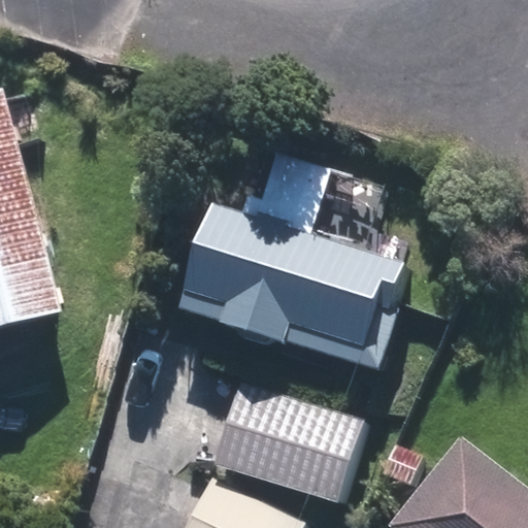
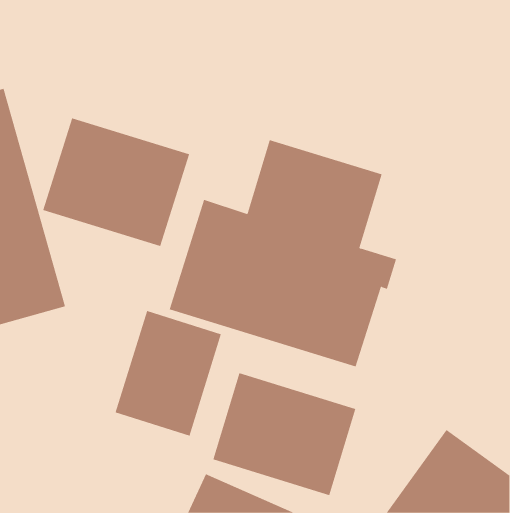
building: none -> [43,118,190,247]
building: none -> [115,310,222,437]

